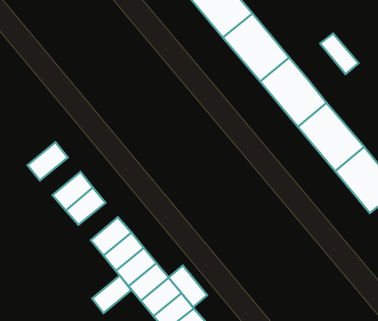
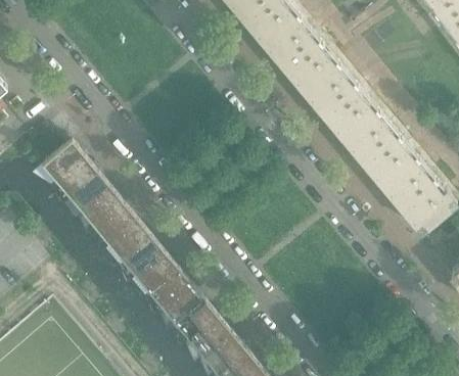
building: [320,33,359,74] -> none
building: none -> [43,141,86,182]
building: none -> [70,174,112,214]
building: none -> [110,222,152,262]
building: [169,266,207,307] -> none
building: [92,276,131,313] -> none

